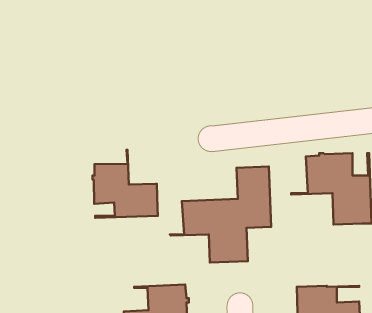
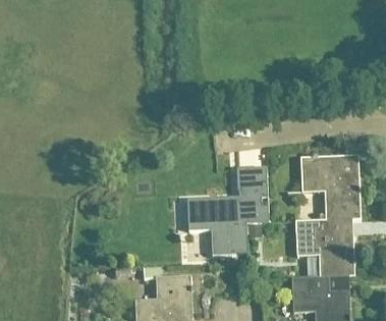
building: [92,150,158,218] -> none
building: none -> [294,219,355,277]

